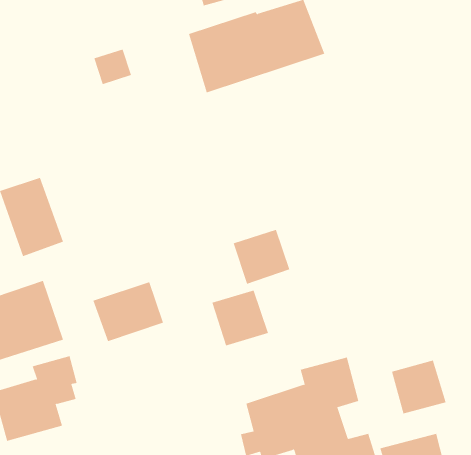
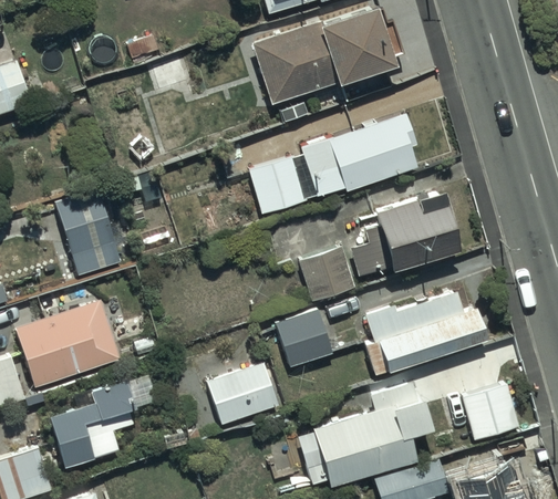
building: none -> [249,114,419,215]
building: none -> [351,191,457,278]
building: none -> [365,291,488,376]
building: [92,281,164,342] -> [206,361,280,424]

